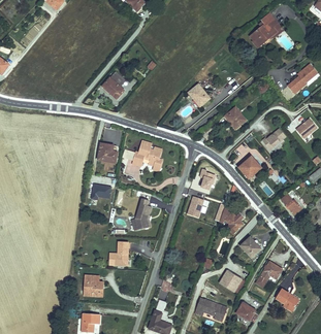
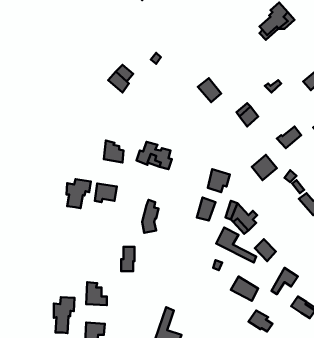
building: none -> [66,179,91,208]
building: none -> [216,228,256,262]
building: none -> [54,297,74,333]
building: [194,299,224,324] -> none

